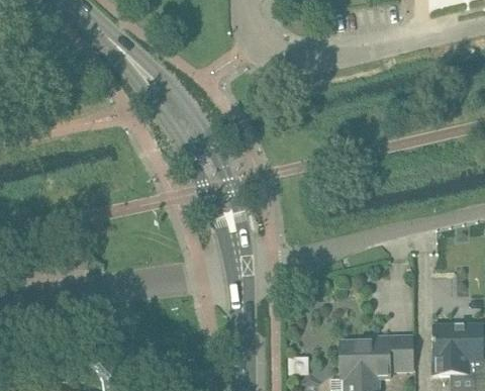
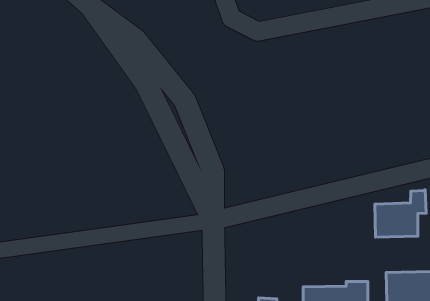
building: none -> [375,190,426,237]

